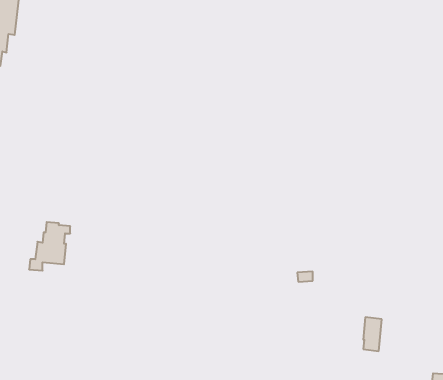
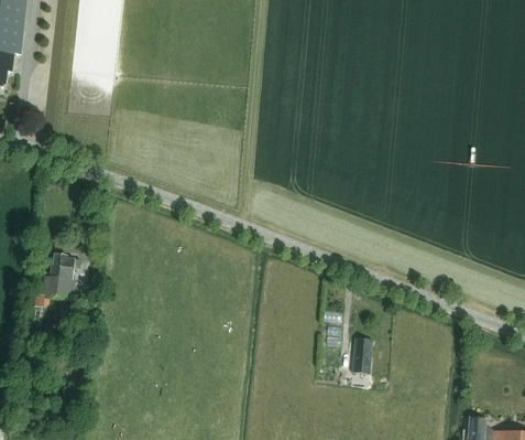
building: [363,317,382,351] -> [351,337,371,374]

